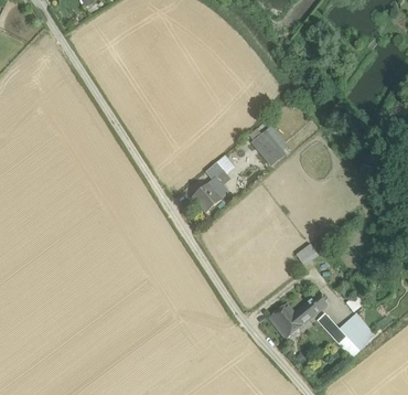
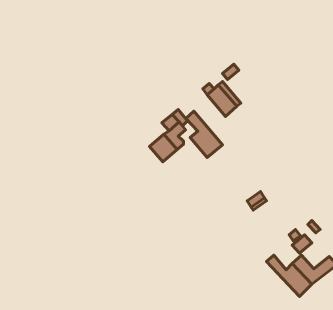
building: none -> [186,111,223,157]
building: [268,292,326,338] -> none

